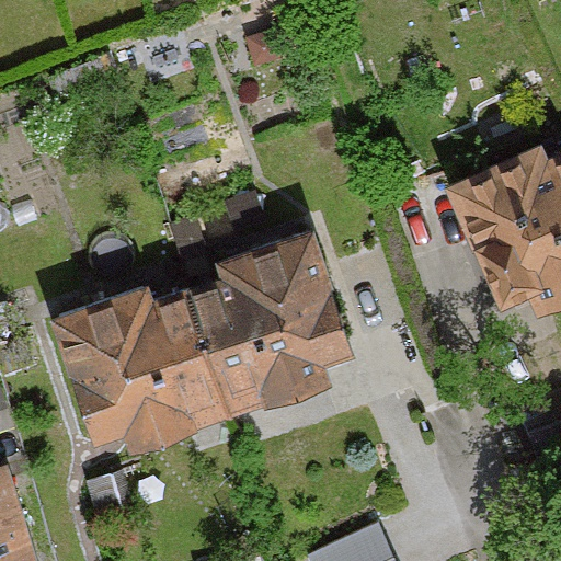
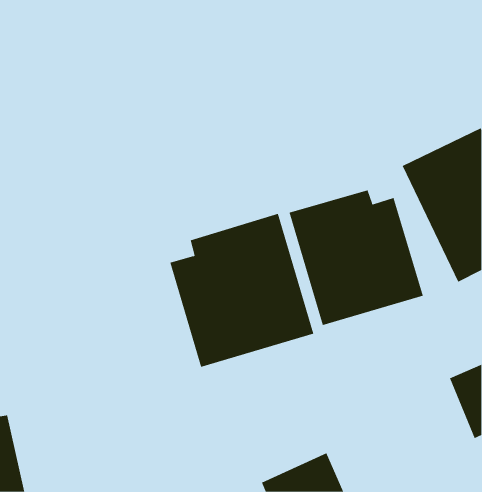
building: none -> [289,190,423,326]
building: [51,287,228,457] -> none

